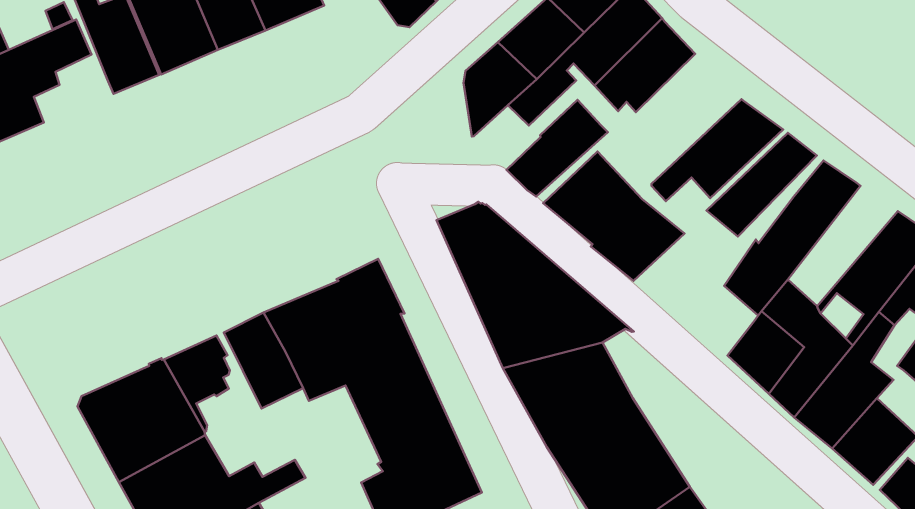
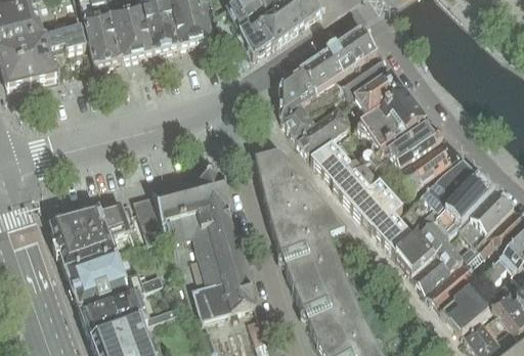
building: none -> [357,91,424,161]
building: none -> [280,102,315,136]
building: none -> [433,174,496,233]
building: none -> [352,184,412,252]

